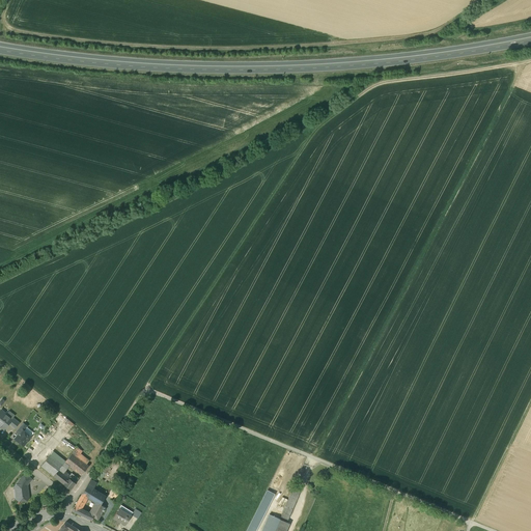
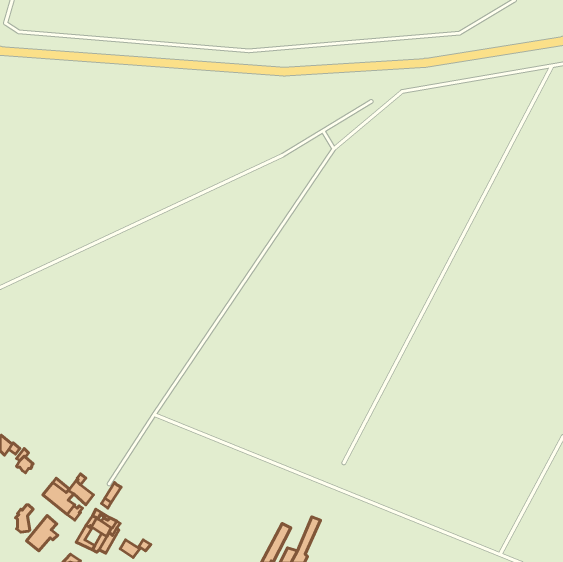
building: none -> [27,516,58,551]

